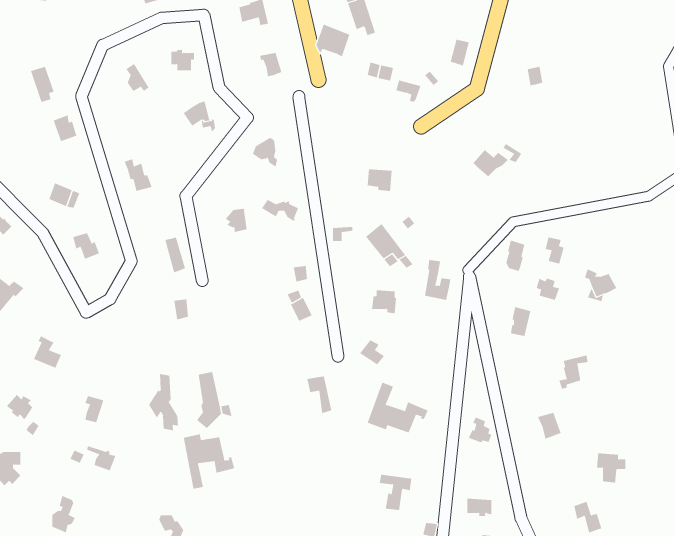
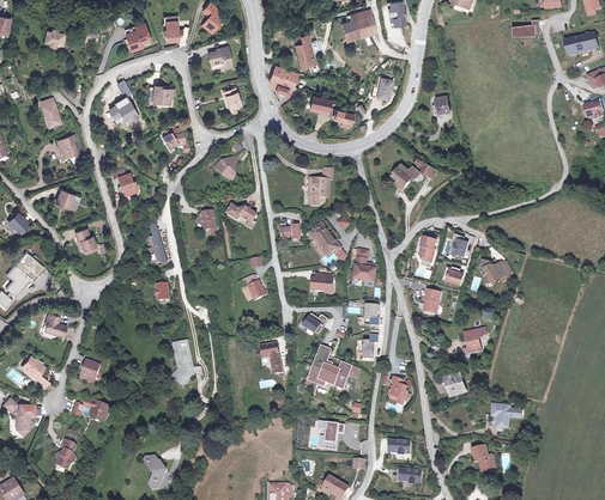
building: none -> [362,305,379,360]
building: [148,373,178,431] -> none
building: [183,434,235,489] -> none

